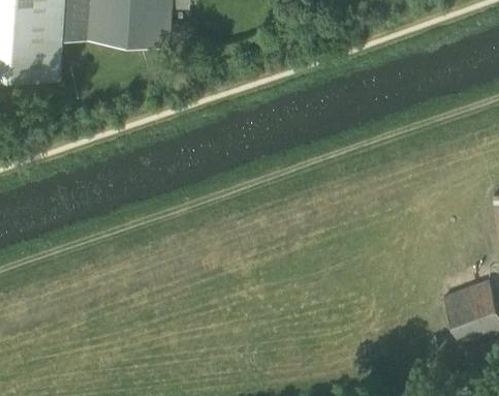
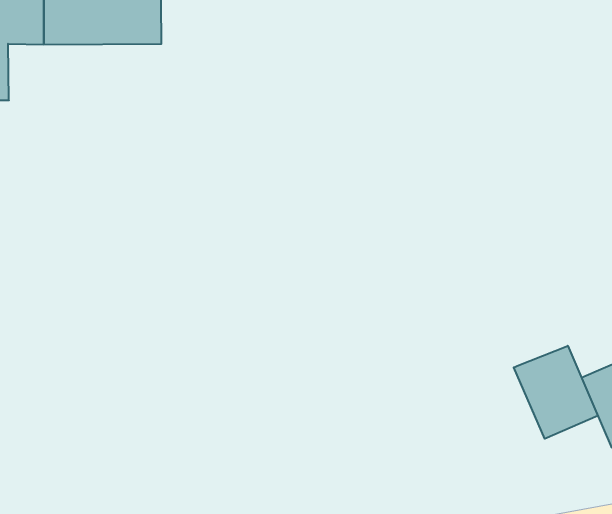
building: none -> [514,346,598,439]

